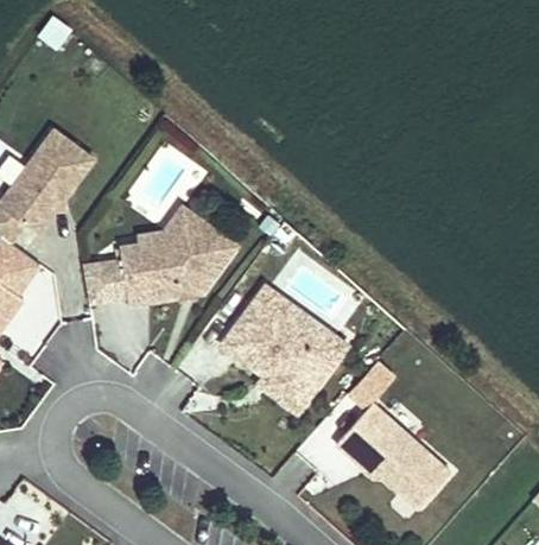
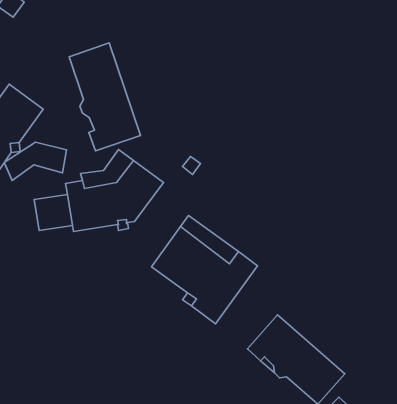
building: none -> [69,43,141,151]
building: none -> [4,142,67,181]

